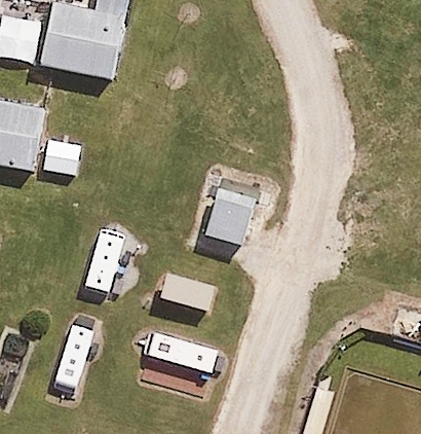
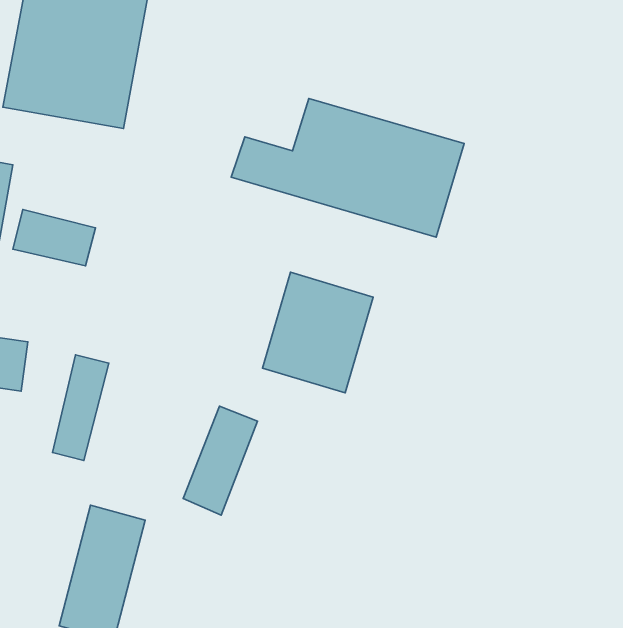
building: none -> [231,99,464,237]

